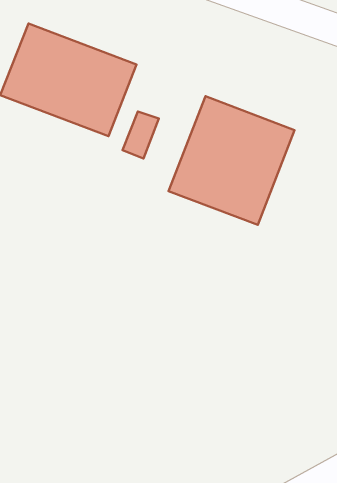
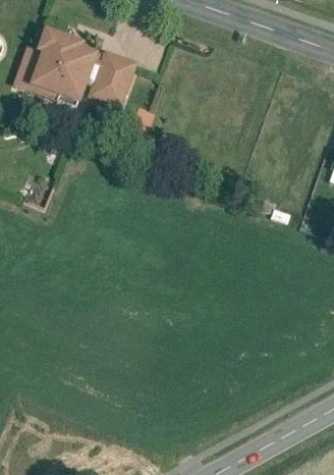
building: [168,96,295,225] -> none

